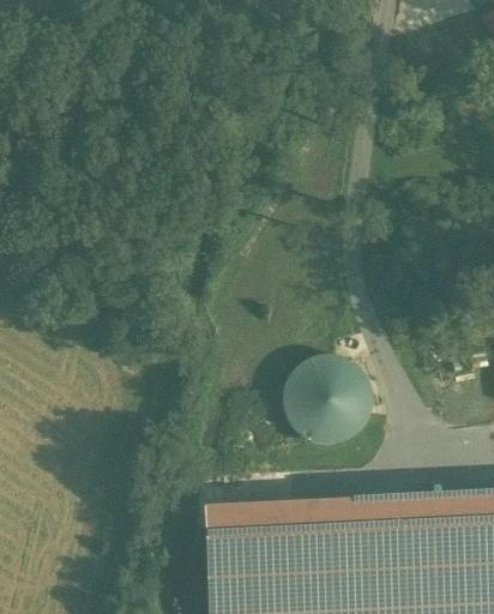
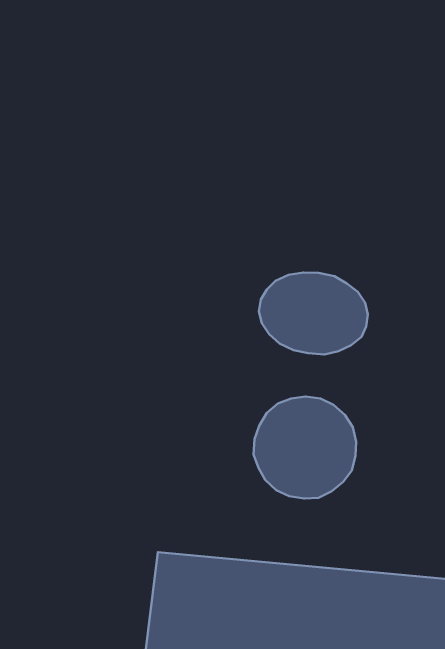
building: none -> [259,273,368,355]

